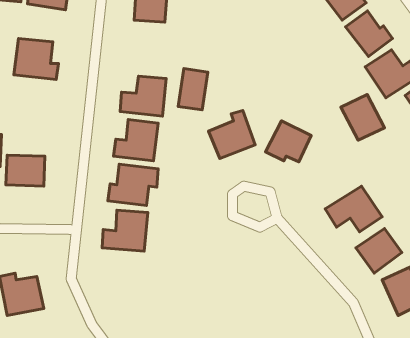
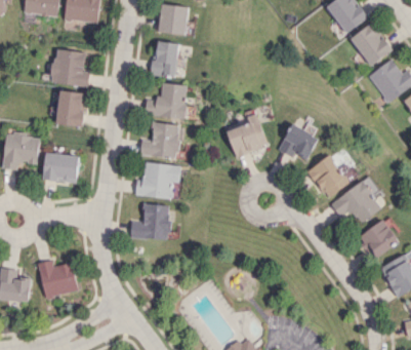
building: [178,69,208,110] -> [153,41,179,78]
building: none -> [56,90,86,127]
building: [341,94,384,140] -> [309,156,347,197]

